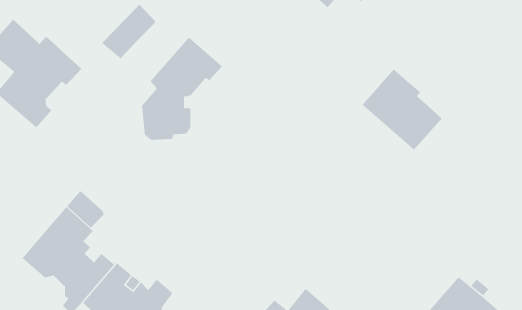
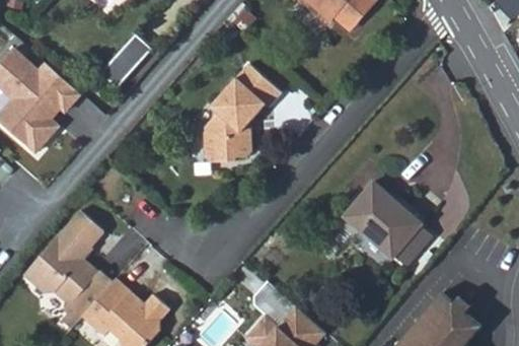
building: [141,36,223,141] -> [204,65,282,164]
building: [362,69,442,151] -> [343,183,420,261]

